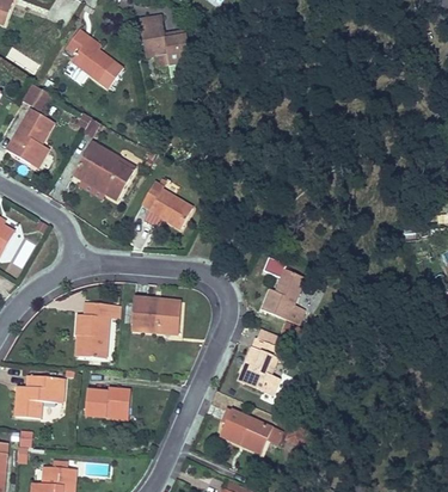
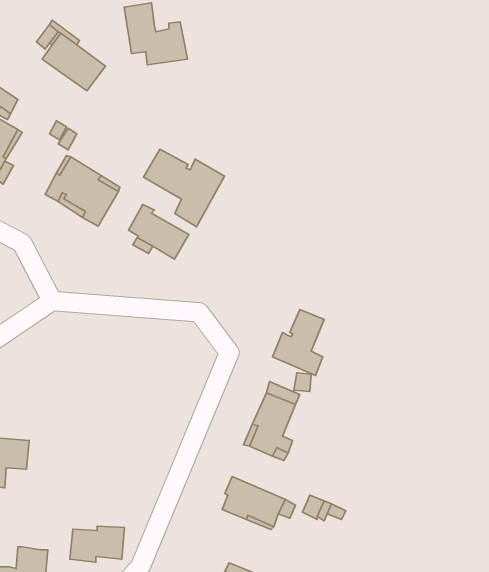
building: none -> [144,149,225,227]
building: [131,300,180,331] -> none
building: [76,301,124,357] -> none
building: [85,387,130,417] -> [70,526,125,562]

